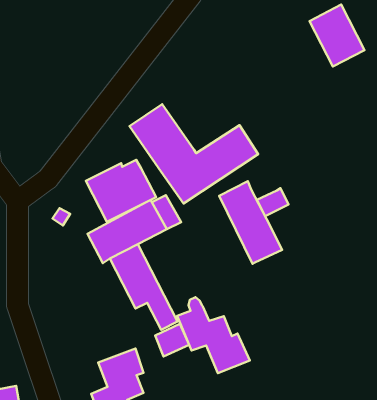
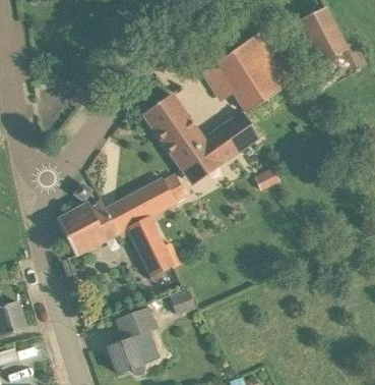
building: none -> [200,33,293,115]
building: [86,160,156,222] -> [58,200,119,254]
building: [219,181,282,264] -> none
building: [177,297,250,373] -> none

